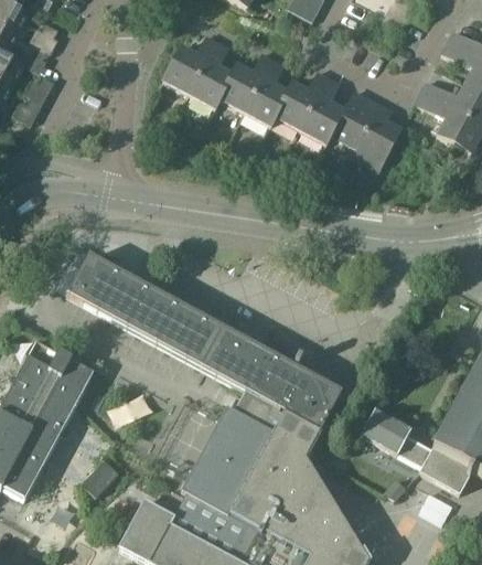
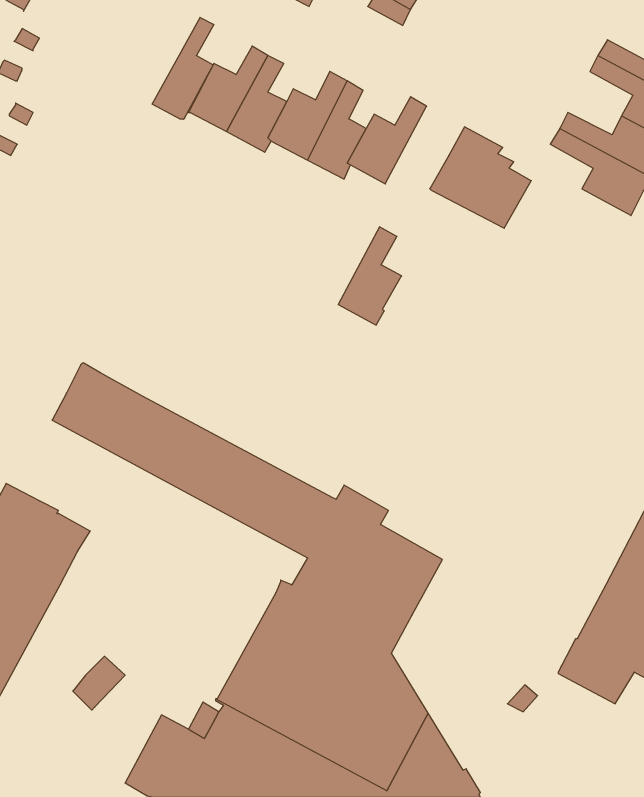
building: none -> [152,17,214,119]
building: [300,76,344,145] -> [338,227,402,325]
building: [362,409,432,466] -> none

